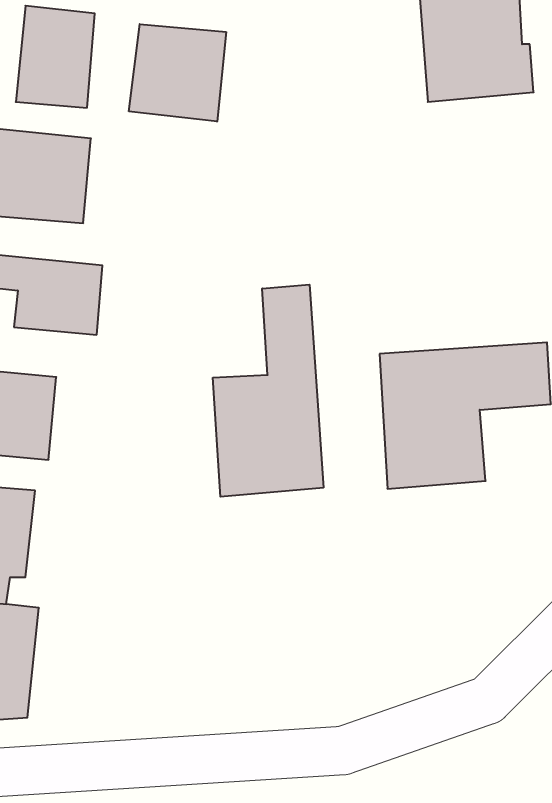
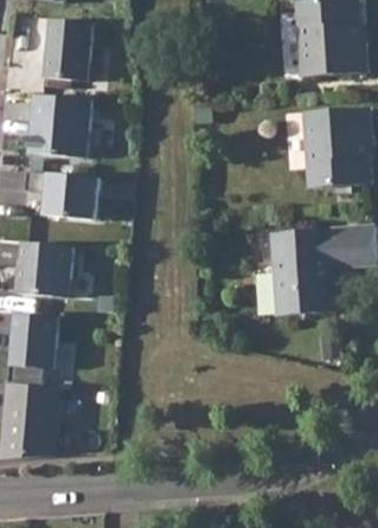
building: [129,24,226,122] -> none
building: none -> [300,108,369,187]
building: [213,285,323,497] -> none

